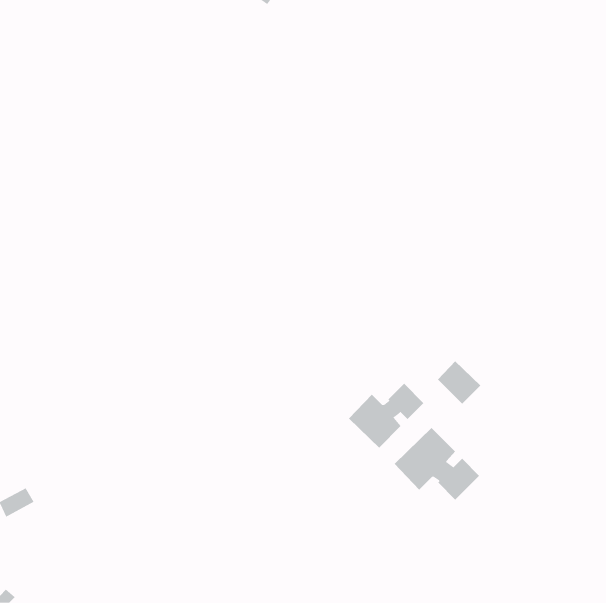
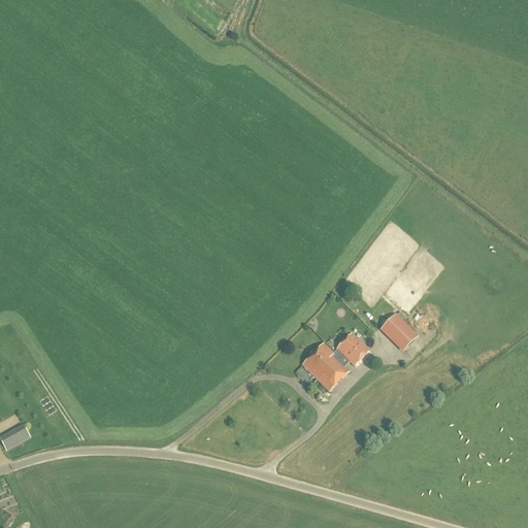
building: [394,427,480,500] -> none

